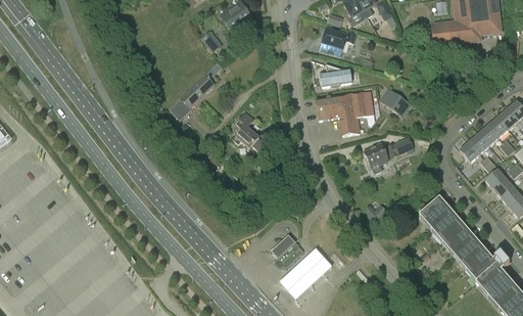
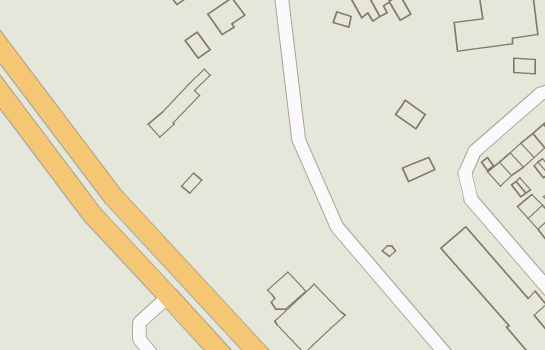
building: [320,27,355,51] -> none
building: [320,63,351,86] -> none
building: [316,90,373,135] -> none
building: [233,111,258,148] -> none
building: [364,142,388,173] -> none

